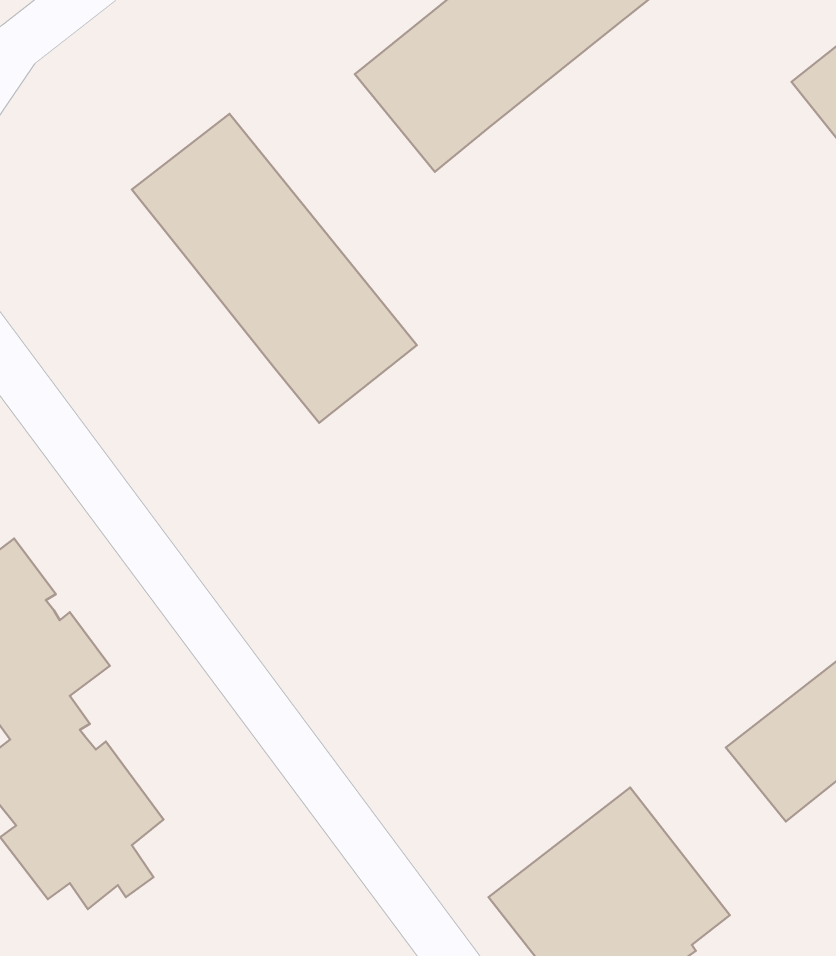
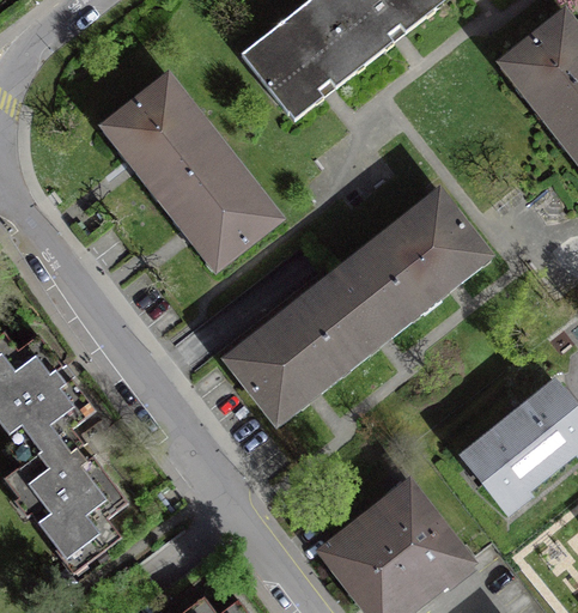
building: none -> [227,196,483,421]

